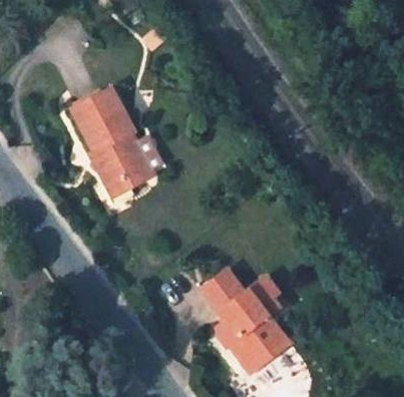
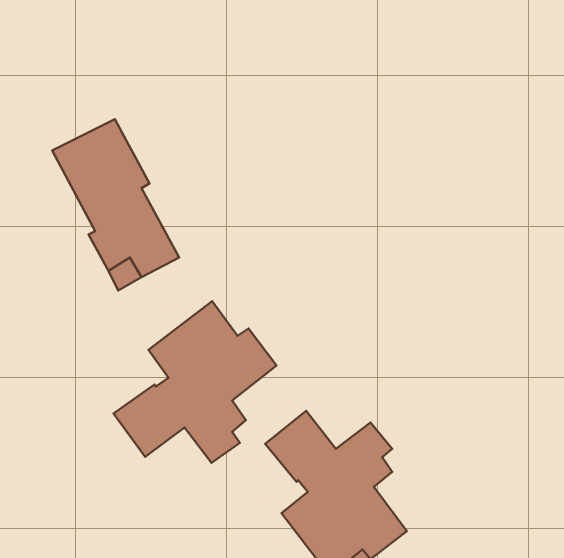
building: none -> [114,301,276,463]

